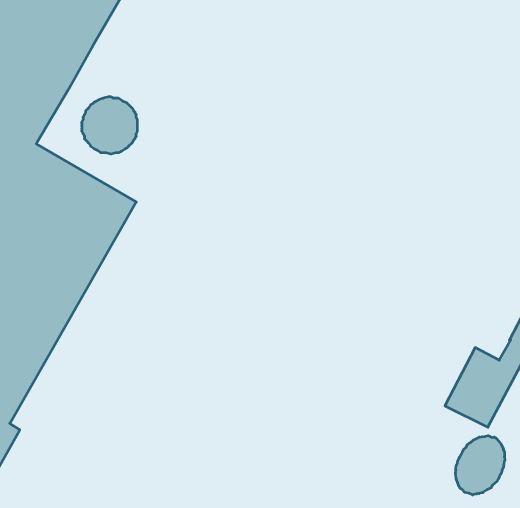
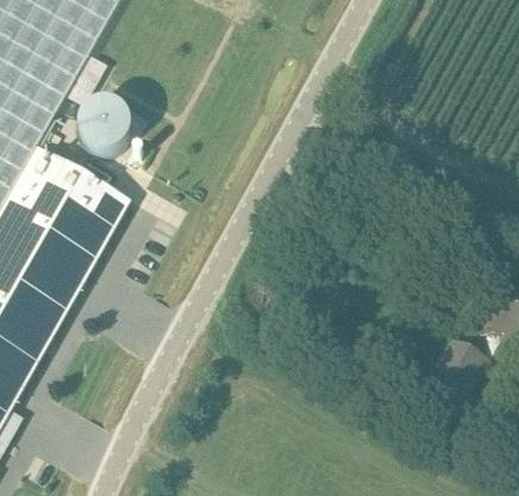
building: none -> [67,49,106,99]
building: [456,436,505,495] -> none

